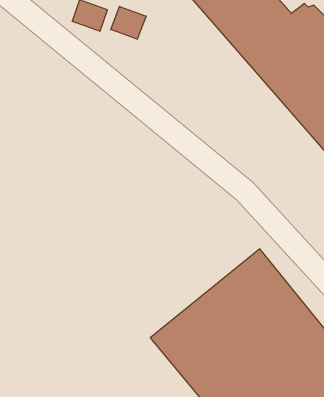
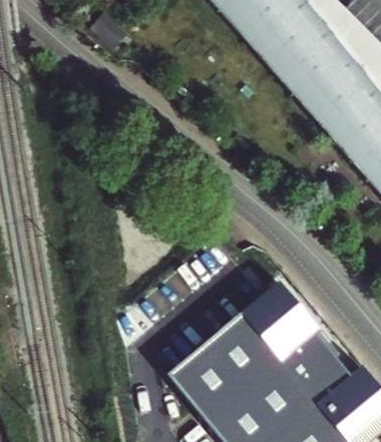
building: [111,6,146,39] -> none

